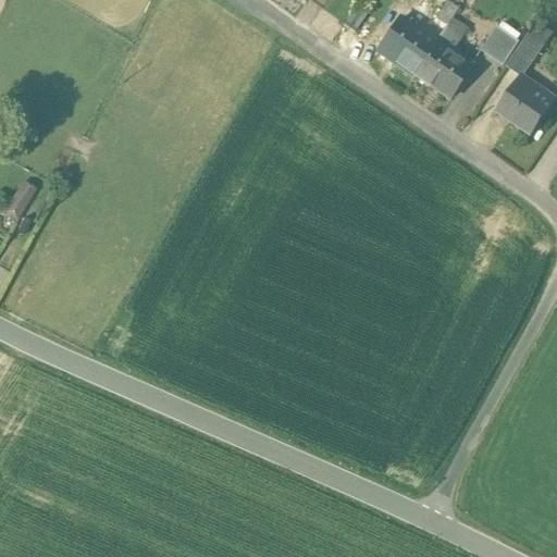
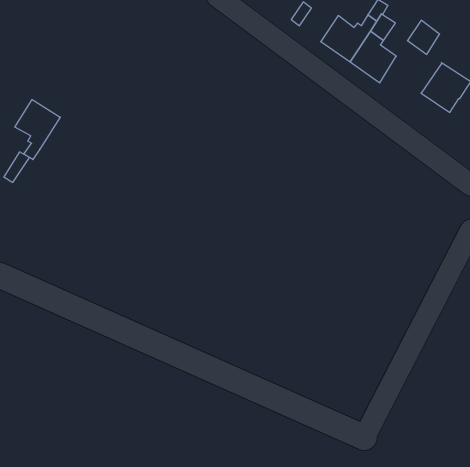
building: [507,32,545,75] -> none
building: none -> [15,100,60,160]

